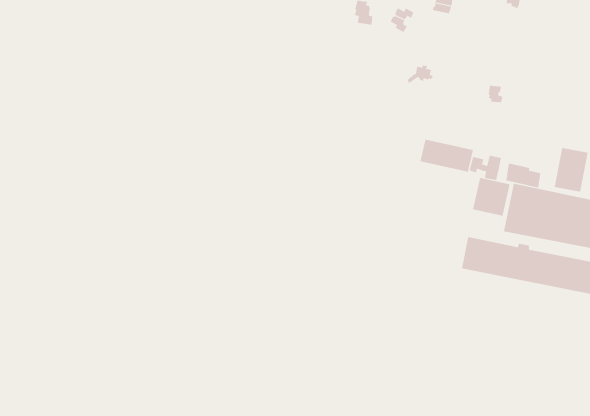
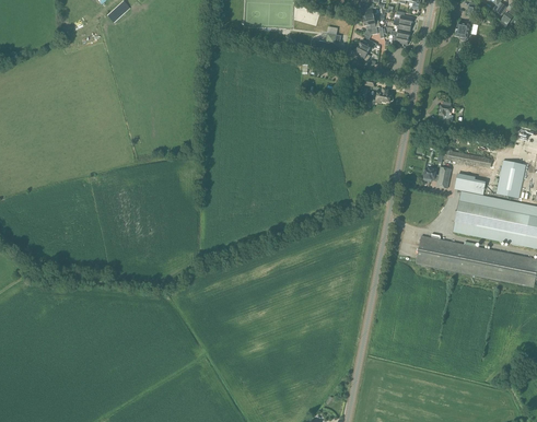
building: [420,139,474,173] -> none
building: [472,177,510,217] -> none

